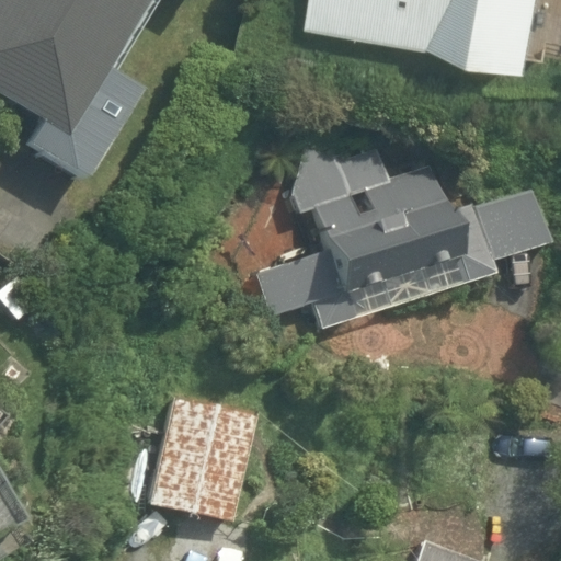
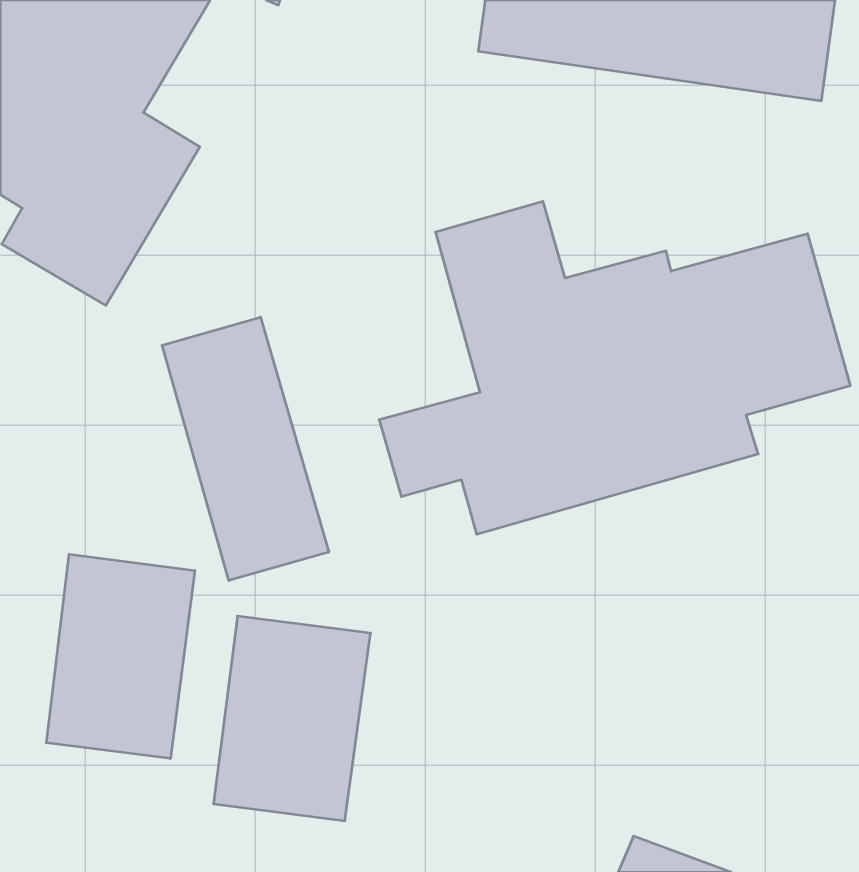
building: none -> [162,317,329,581]
building: none -> [46,554,195,759]

